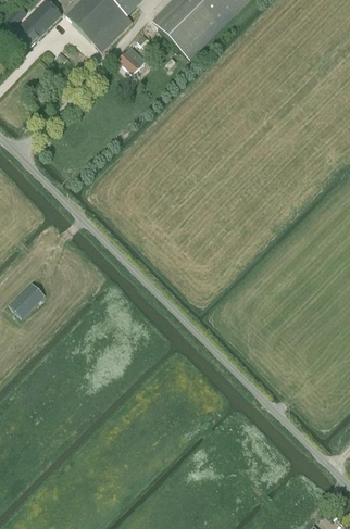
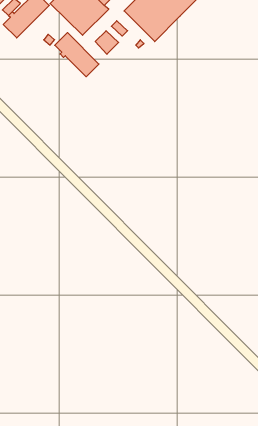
building: none -> [55,33,99,77]
building: [10,280,46,315] -> none

